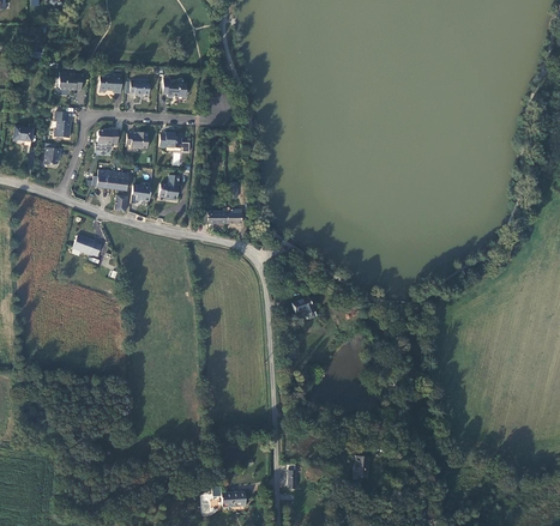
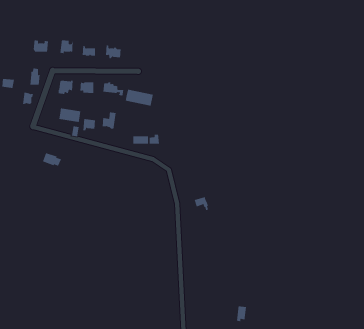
building: none -> [125,89,154,107]

